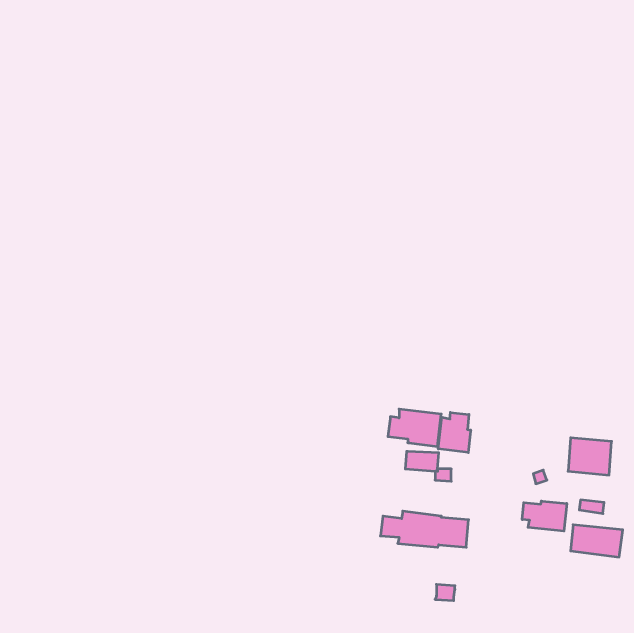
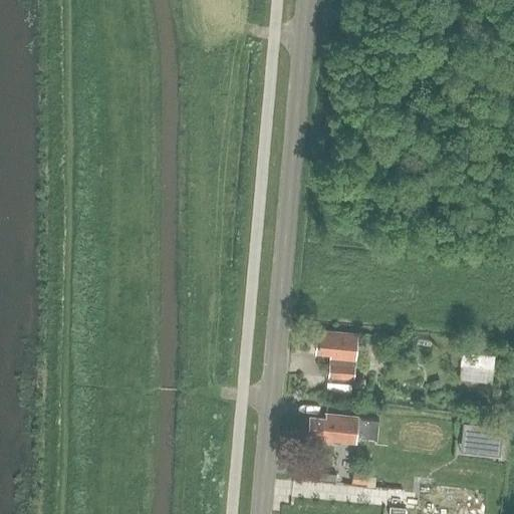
building: [438,412,471,453] -> none
building: [522,501,567,531] -> none

